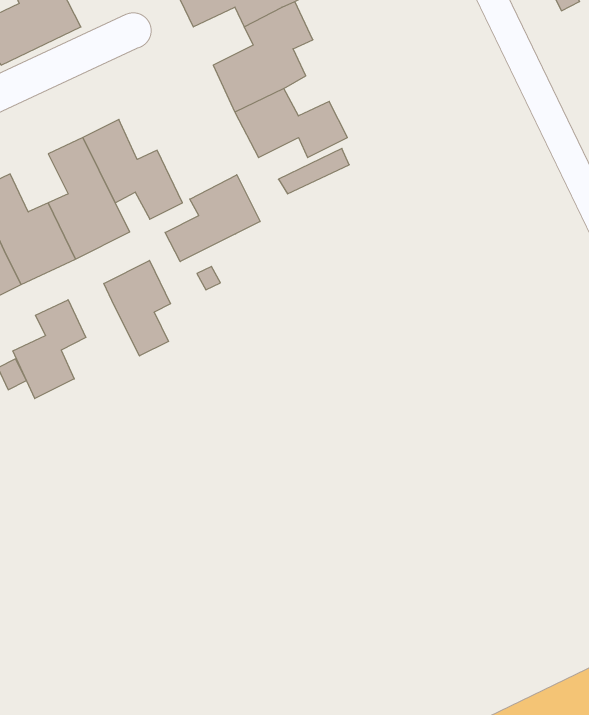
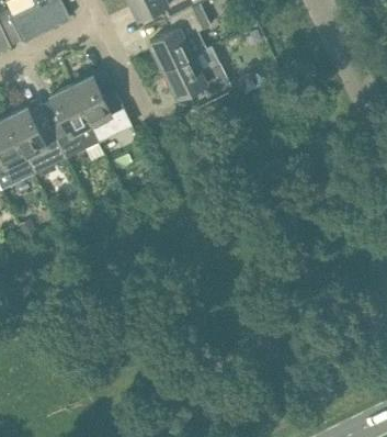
building: [165,175,260,262] -> none
building: [104,260,171,356] -> none
building: [13,300,86,399] -> none

